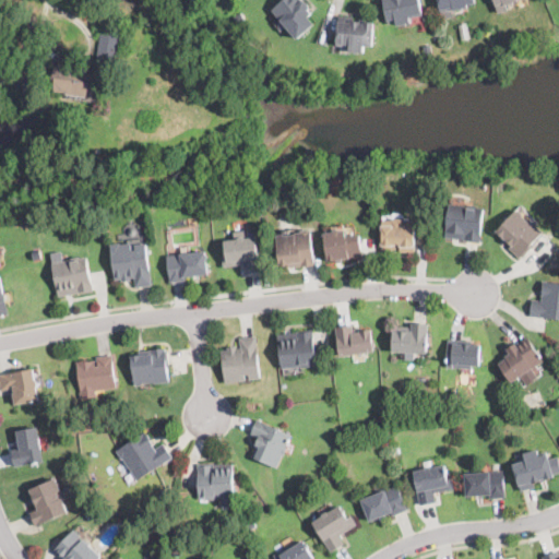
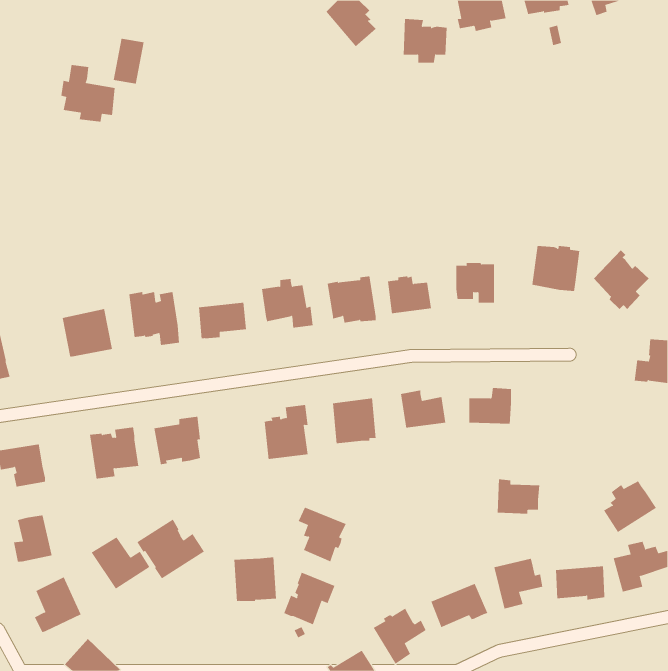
building: [443,338,479,368] -> [497,479,540,514]
building: [497,338,542,382] -> [603,480,657,533]
building: none -> [91,536,150,589]
building: none -> [283,572,335,625]

